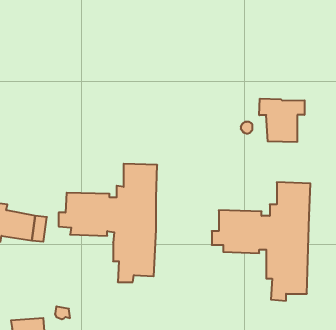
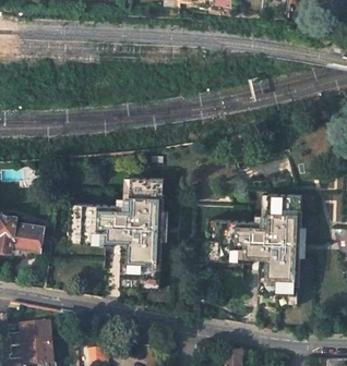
building: [259,99,305,142] -> none

